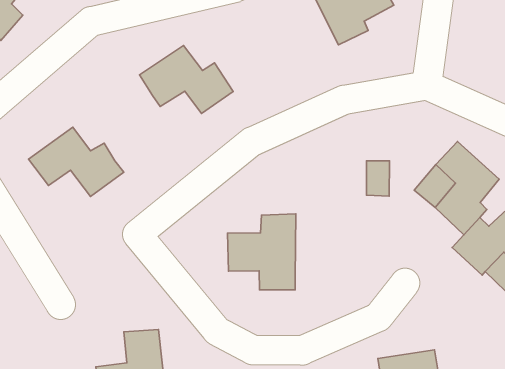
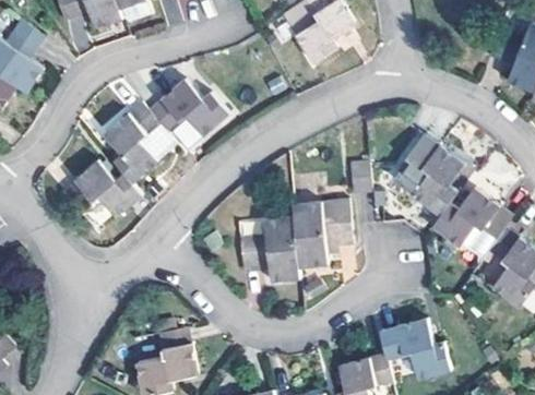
building: none -> [104,100,159,184]
building: none -> [293,197,353,267]

